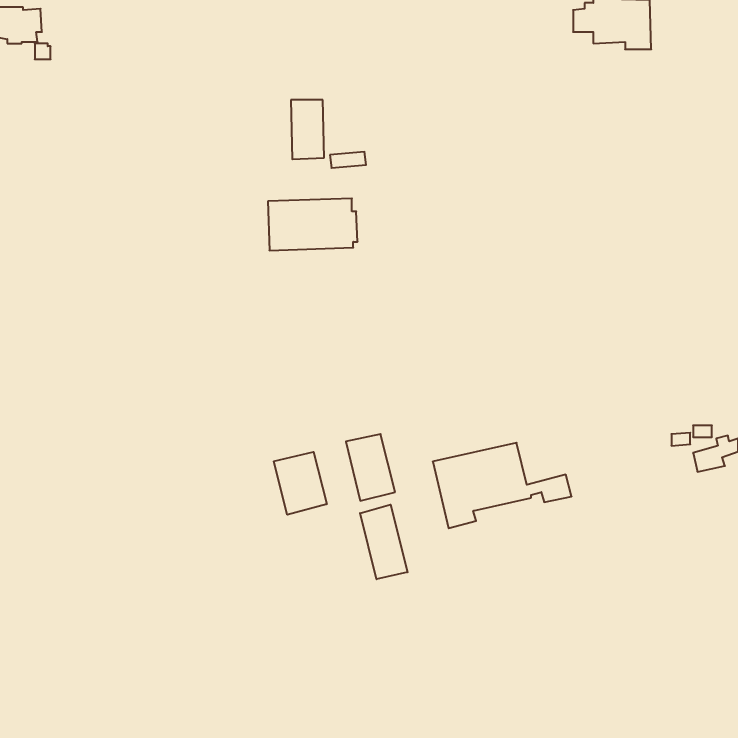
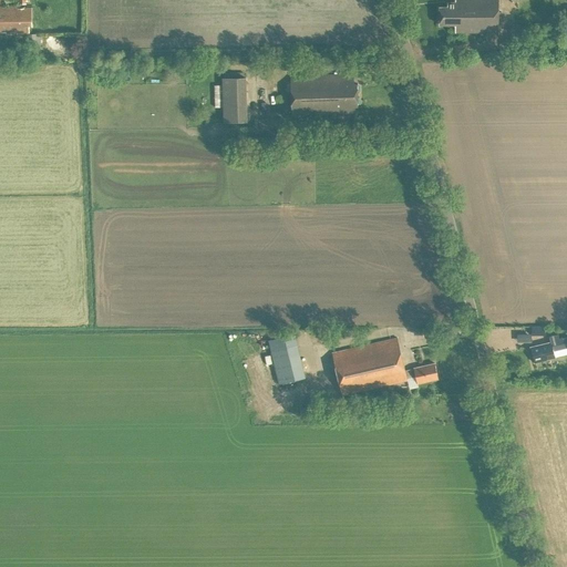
building: [268,198,358,250] -> [289,74,358,114]
building: [274,452,327,515] -> none
building: [360,505,408,579] -> none

